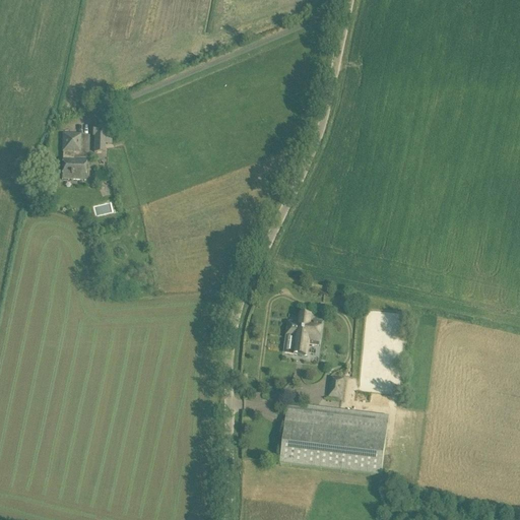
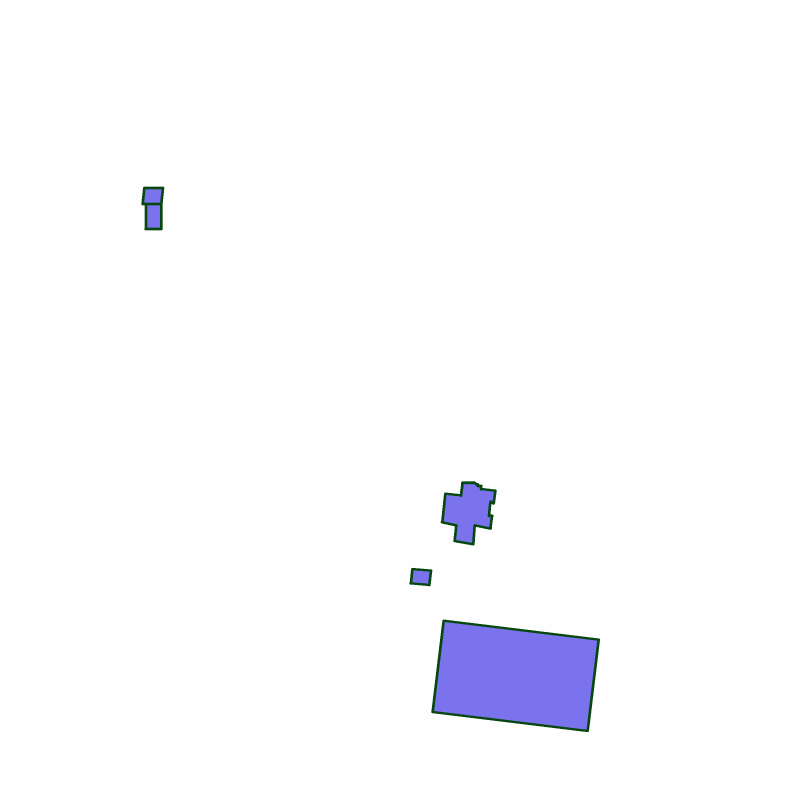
building: [62,131,85,176] -> none

